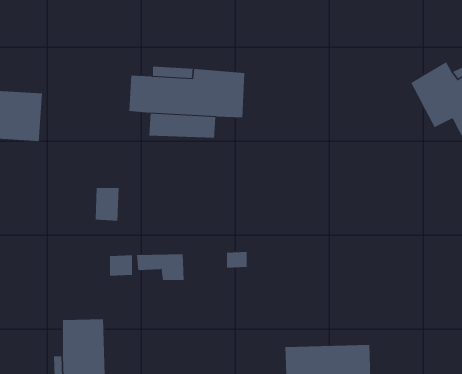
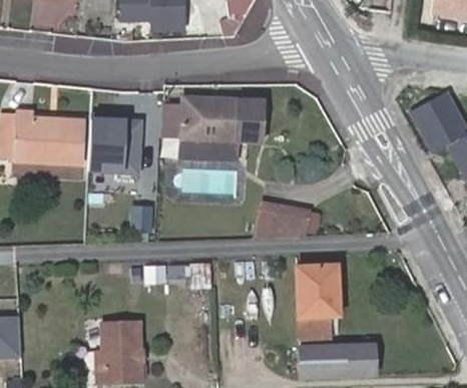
building: none -> [88,116,140,174]
building: none -> [257,200,311,236]
building: none -> [299,263,340,336]

